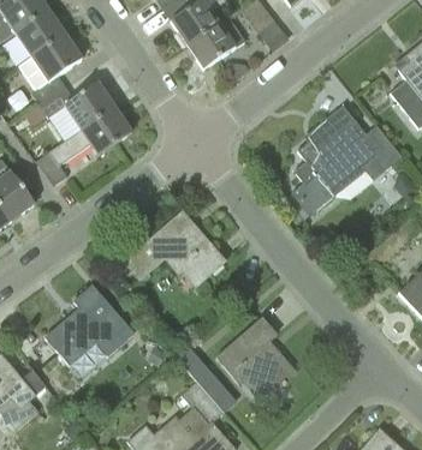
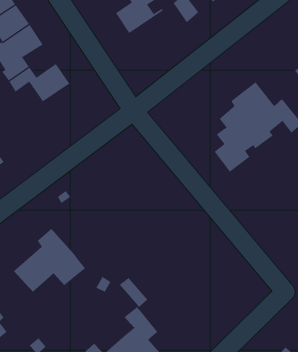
building: [186,18,245,70] -> none
building: [36,108,131,186] -> none
building: [121,210,227,282] -> none
building: [216,318,295,403] -> none

